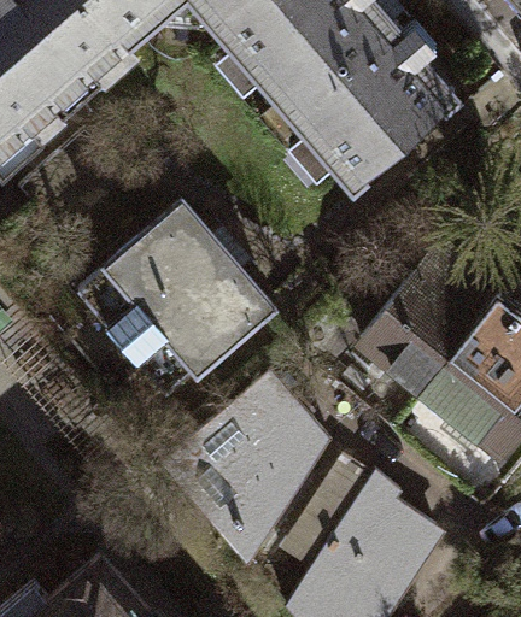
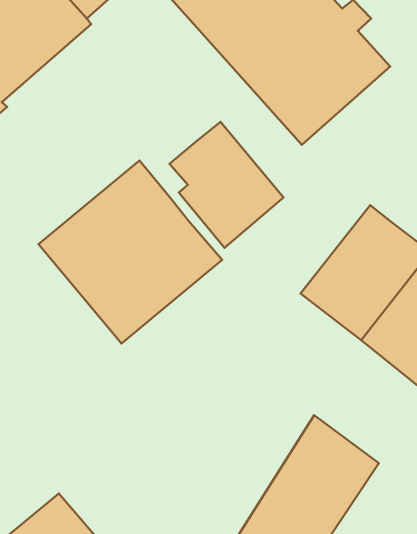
building: none -> [169,122,284,248]
building: [162,375,332,571] -> none

